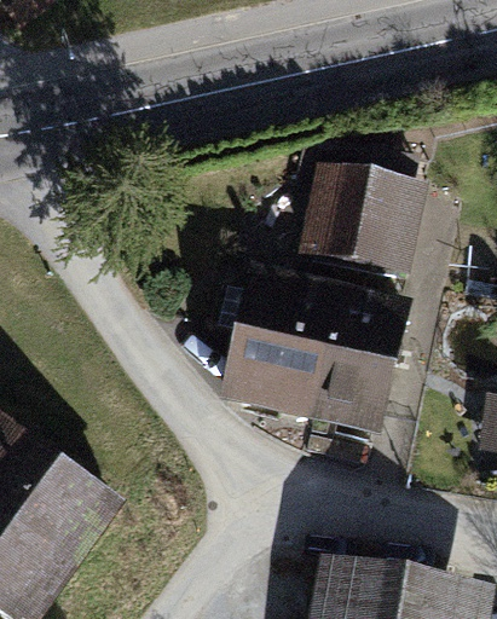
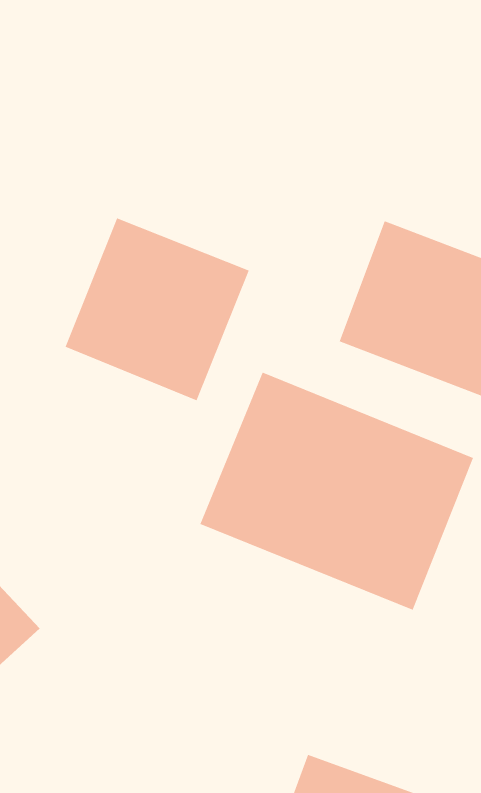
building: none -> [65,217,250,401]

